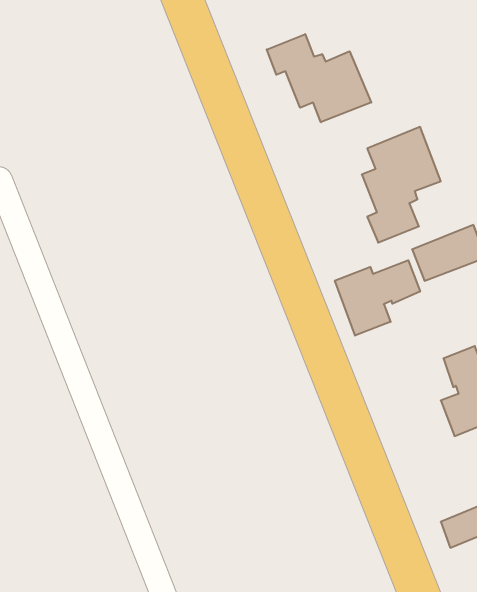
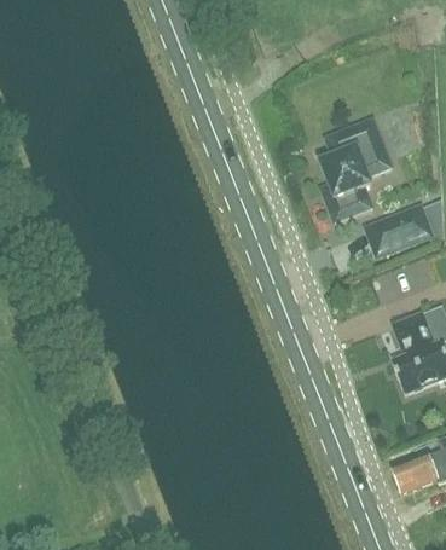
building: [267,34,371,122] -> none
building: [335,260,420,336] -> none

